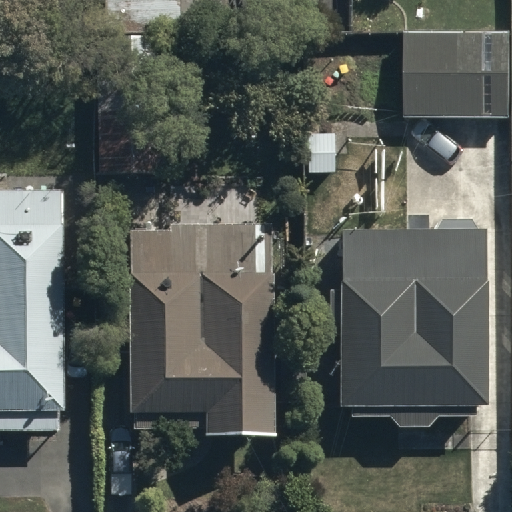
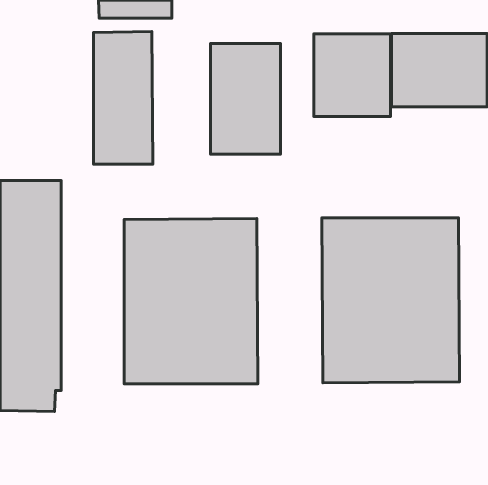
building: none -> [314,34,391,117]
building: none -> [211,44,280,154]

